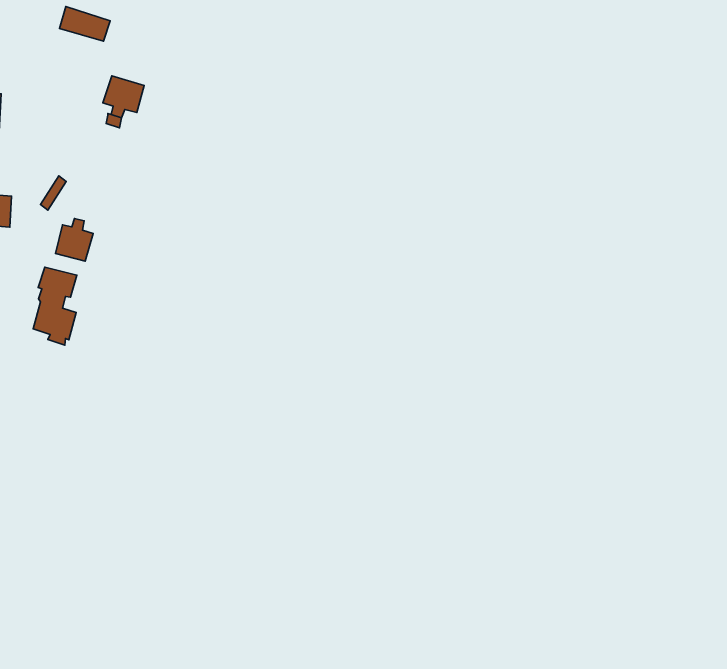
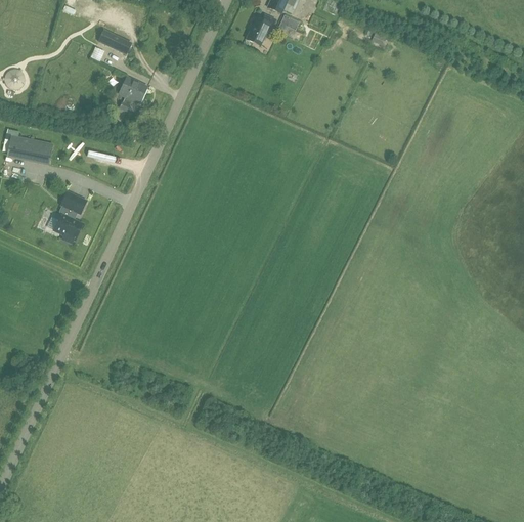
building: [56,218,93,261] -> none

